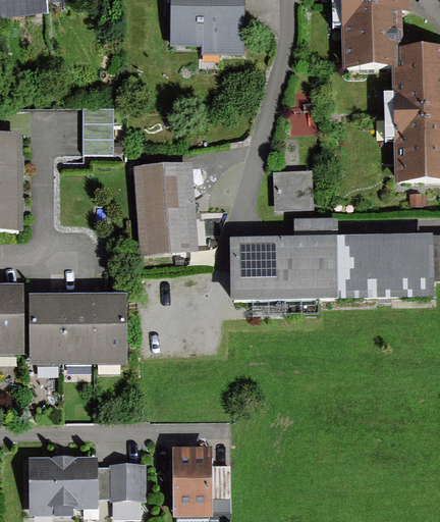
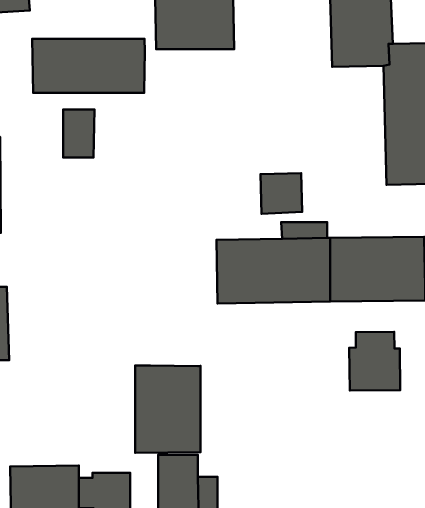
building: none -> [32,39,145,93]
building: [134,163,195,256] -> none
building: [29,294,124,365] -> none
building: none -> [349,332,400,391]
building: none -> [135,366,200,453]

